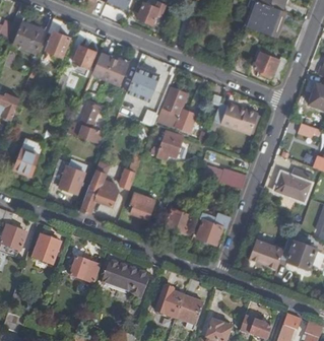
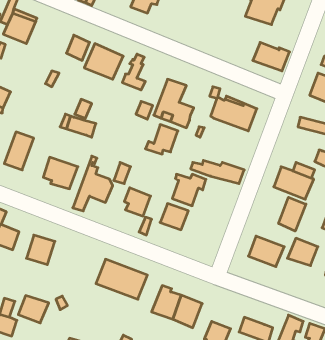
building: [46,16,70,57] -> none
building: none -> [279,197,306,231]
building: [196,213,229,244] -> [172,174,206,206]
building: [71,259,101,285] -> [18,296,49,323]

